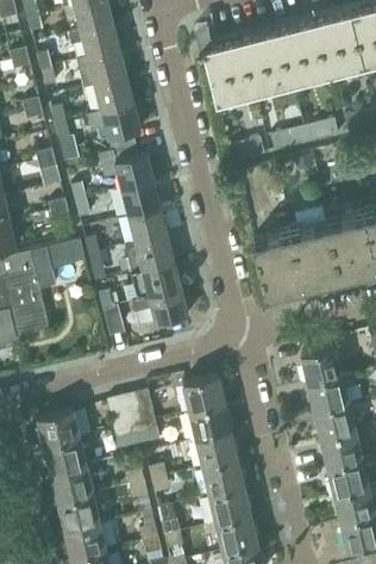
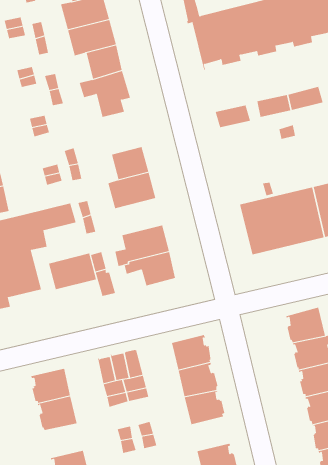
building: [98,144,152,188] -> none
building: [124,234,174,272] -> [48,253,97,290]
building: [202,459,244,495] -> none
building: [51,466,92,502] -> none

